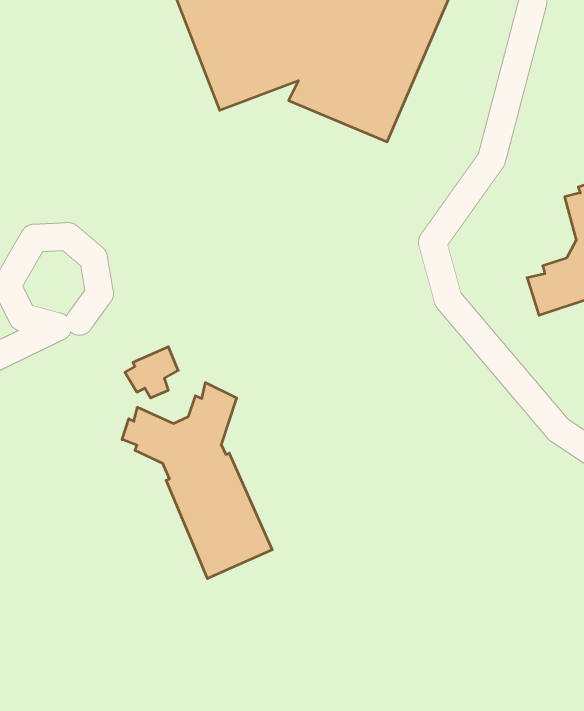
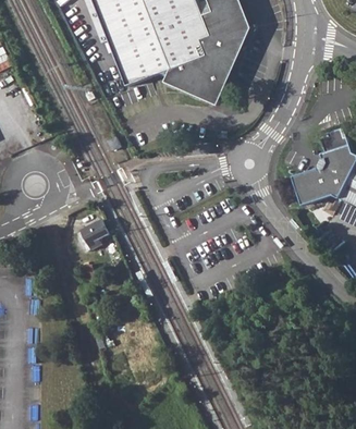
building: [122,383,272,579] -> none

